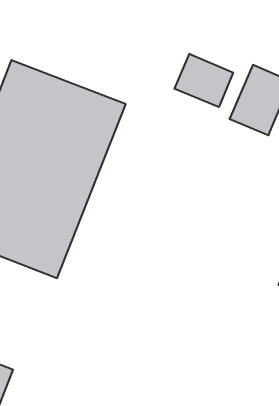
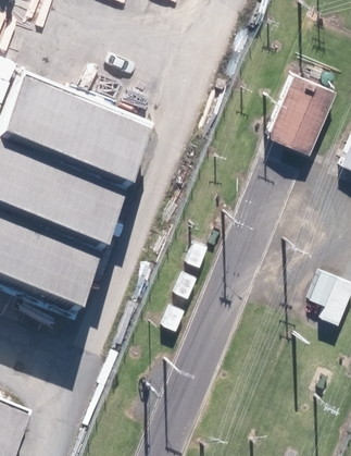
building: [175,54,233,107] -> none

